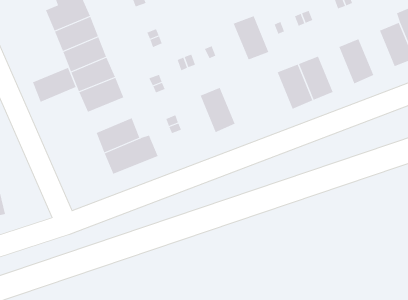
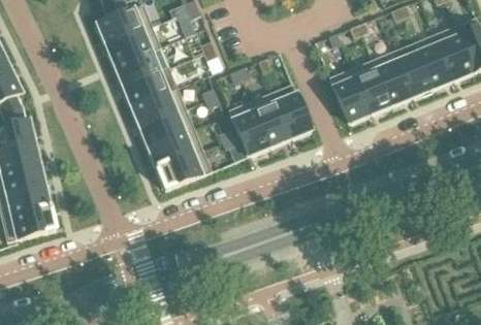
building: [233,16,269,60] -> [275,91,312,136]
building: none -> [416,41,452,87]
building: none -> [375,58,411,104]
building: [32,67,77,103] -> [139,109,185,145]
building: none -> [232,107,269,154]

